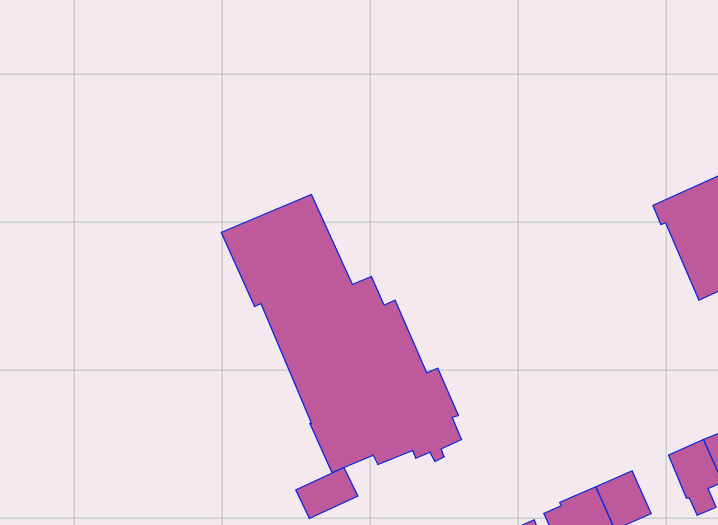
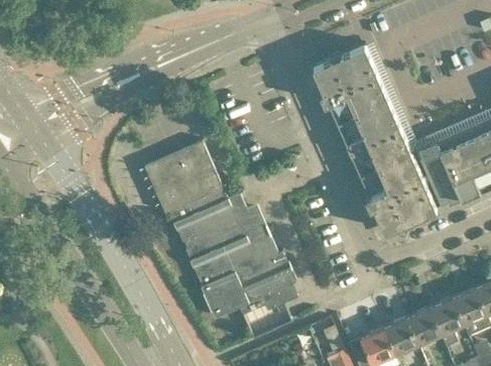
building: none -> [313,44,437,232]
building: none -> [406,308,441,345]
building: [296,467,358,519] -> none

